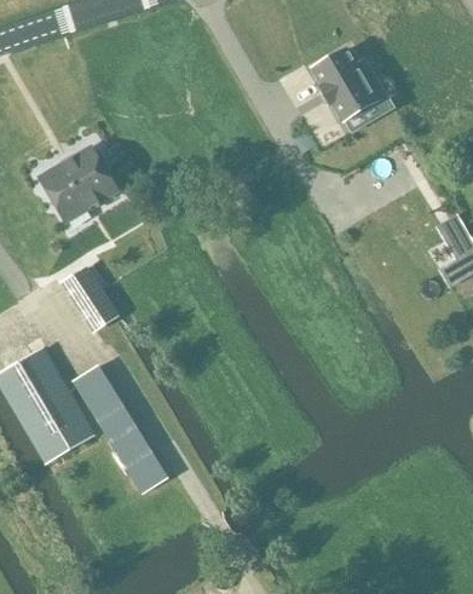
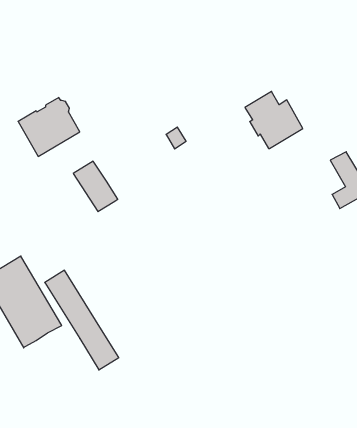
building: [312,47,386,120] -> [245,91,303,148]
building: [60,267,117,331] -> [73,161,118,212]

